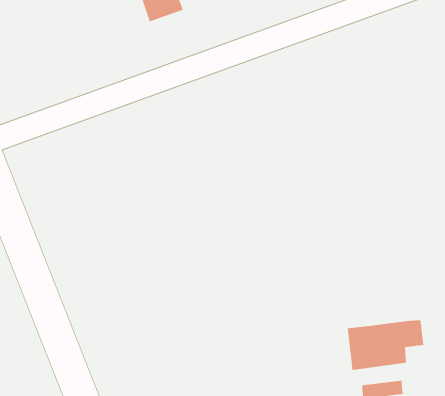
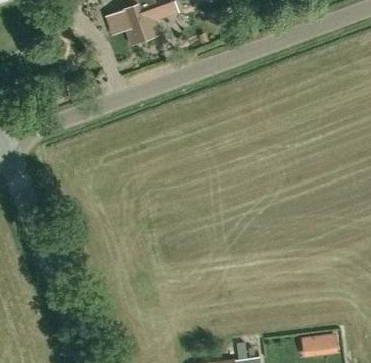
building: [347,320,424,371] -> none

